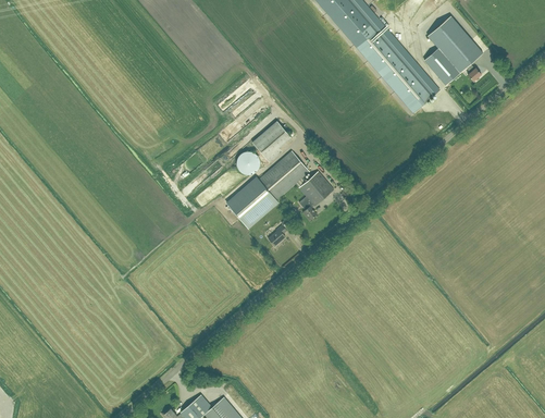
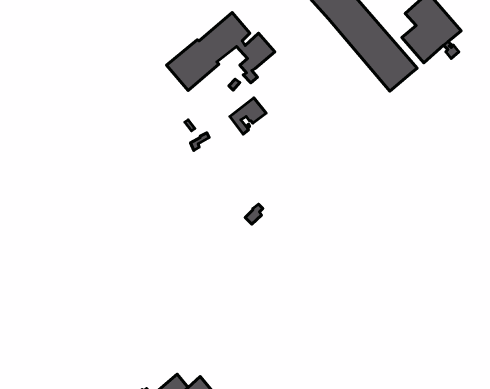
building: [226,150,334,228] -> [166,12,275,90]
building: [236,151,260,174] -> none

